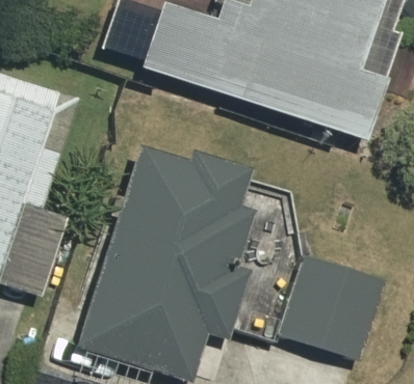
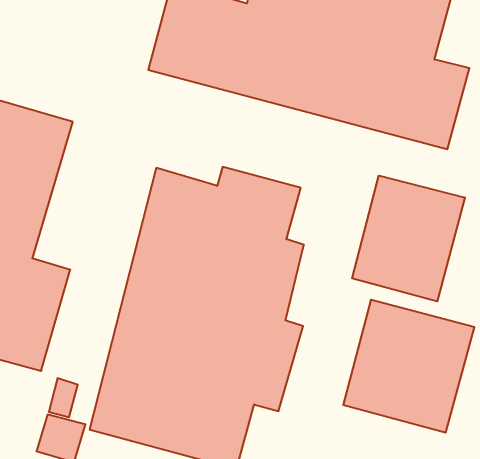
building: none -> [352,176,465,301]

